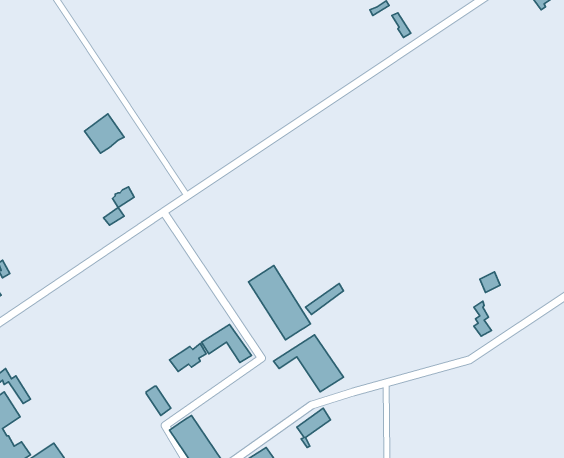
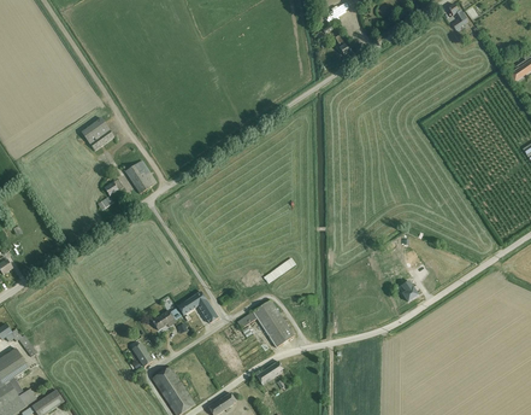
building: none -> [124,160,155,194]
building: [249,266,310,340] -> none

